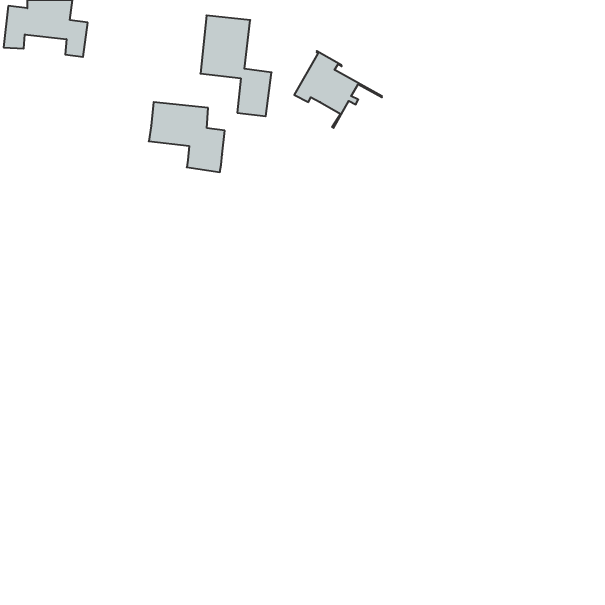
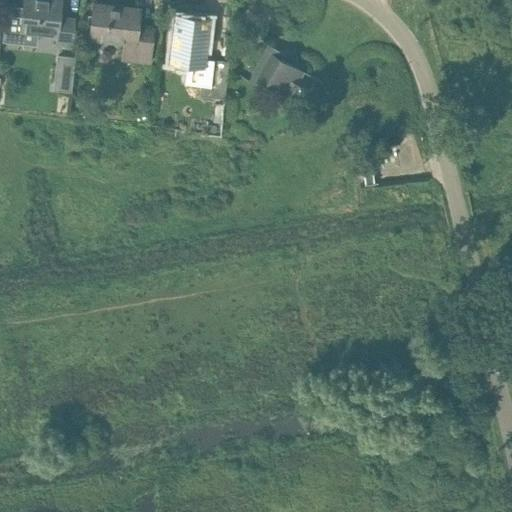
building: none -> [54,56,76,92]
building: [149,102,225,172] -> [90,5,154,64]

